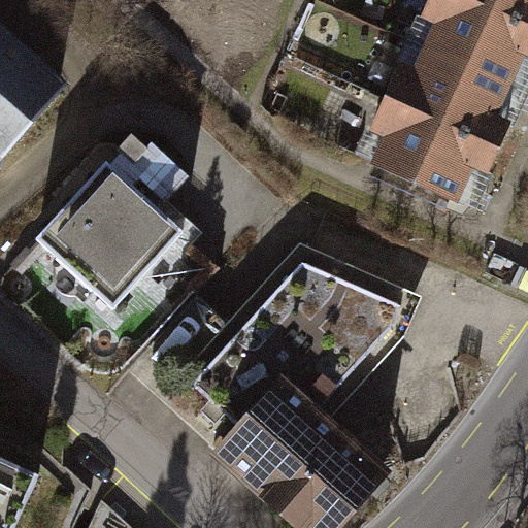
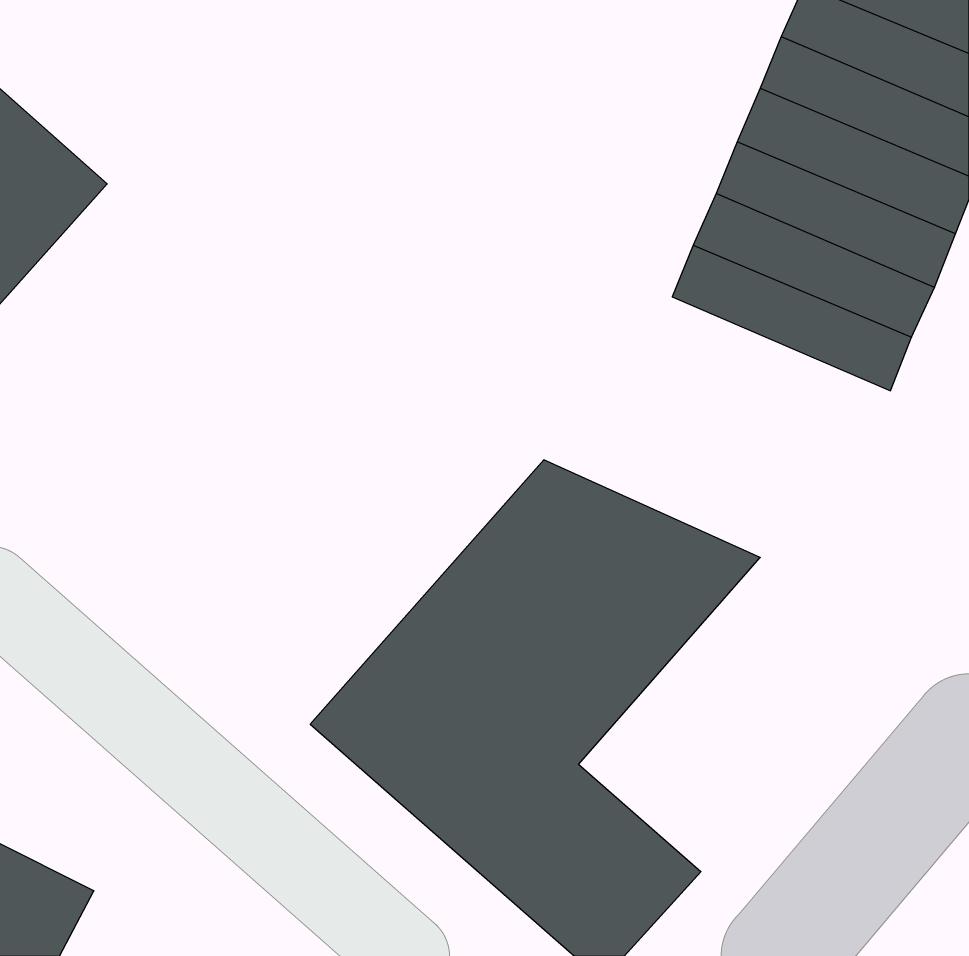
building: [29,172,187,329] -> none

